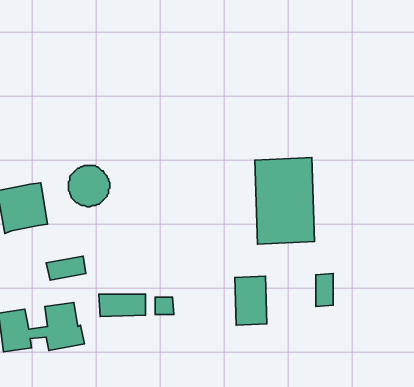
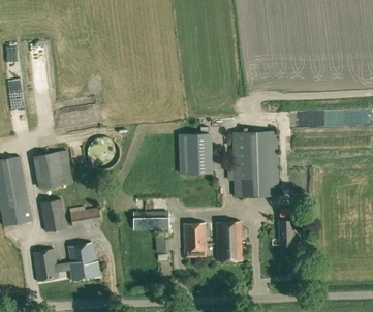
building: none -> [177,132,212,173]
building: none -> [39,198,66,231]
building: none -> [183,223,206,250]
building: [99,294,145,317] -> [132,212,168,229]

